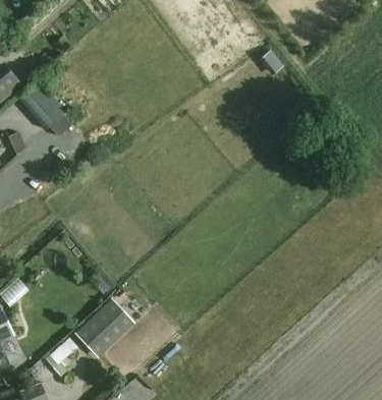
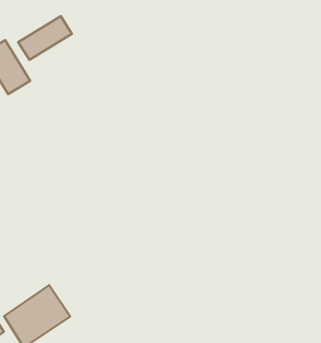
building: none -> [18,16,72,60]

